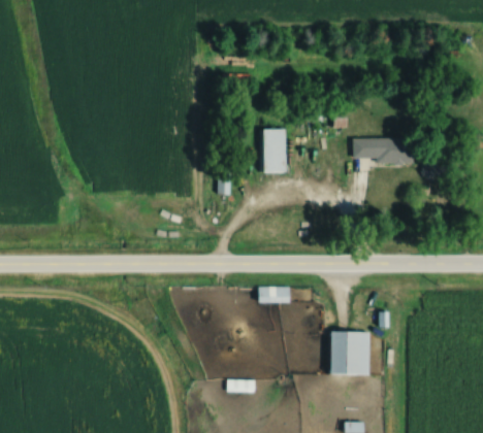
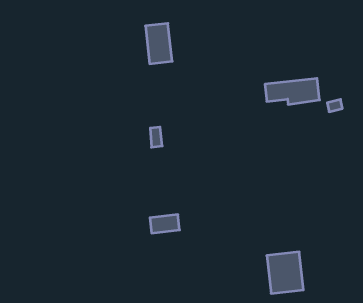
building: [260,130,286,173] -> [145,23,172,64]
building: [258,287,290,304] -> [150,215,180,233]

